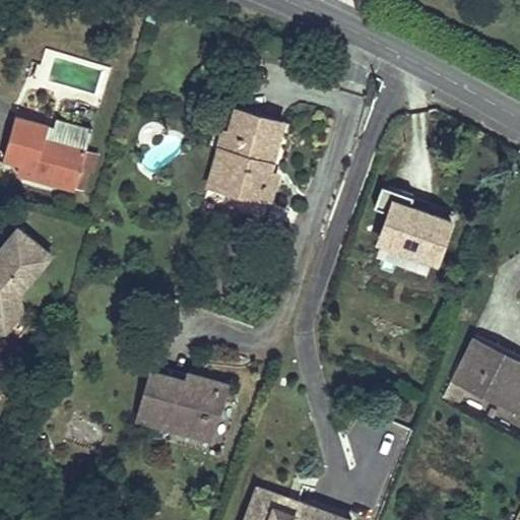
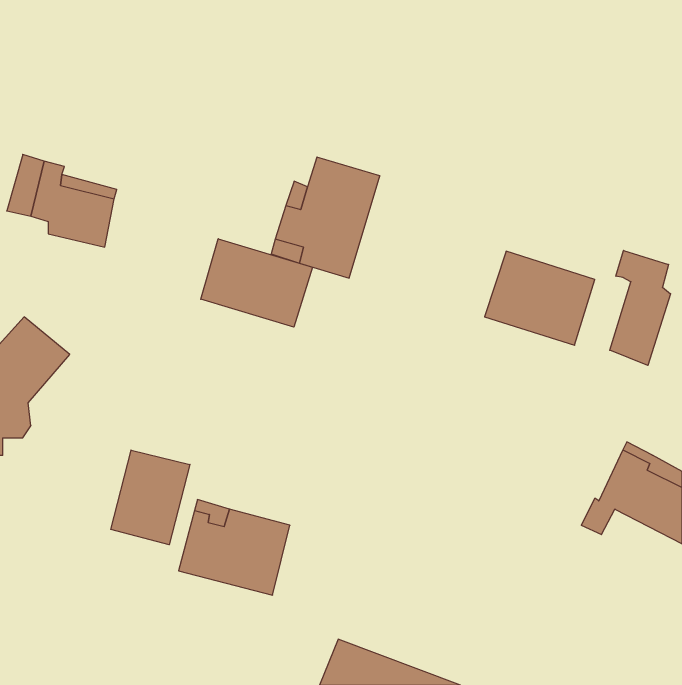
building: none -> [201,239,312,327]
building: none -> [610,250,671,365]
building: none -> [111,450,190,545]

